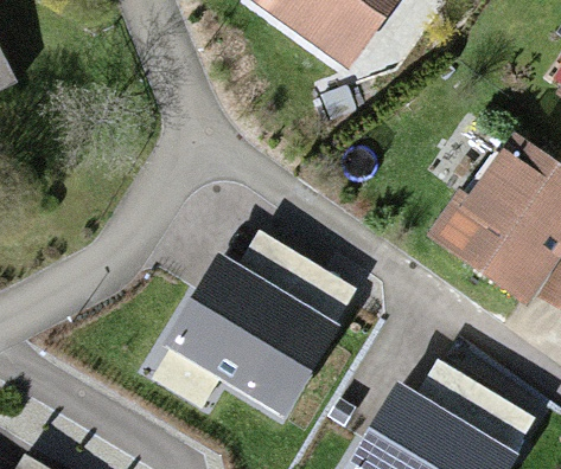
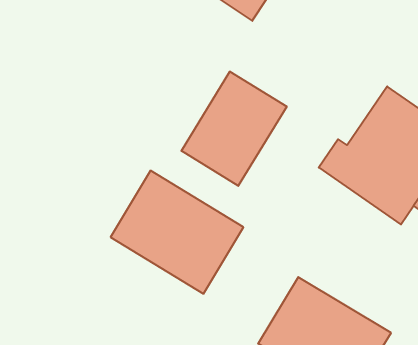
building: none -> [181,71,287,186]

